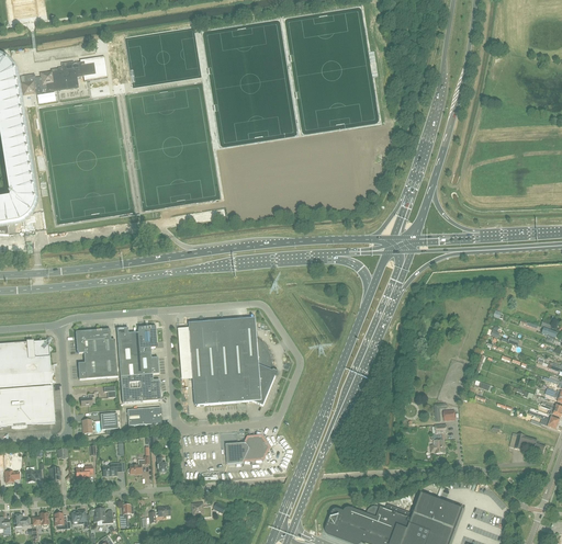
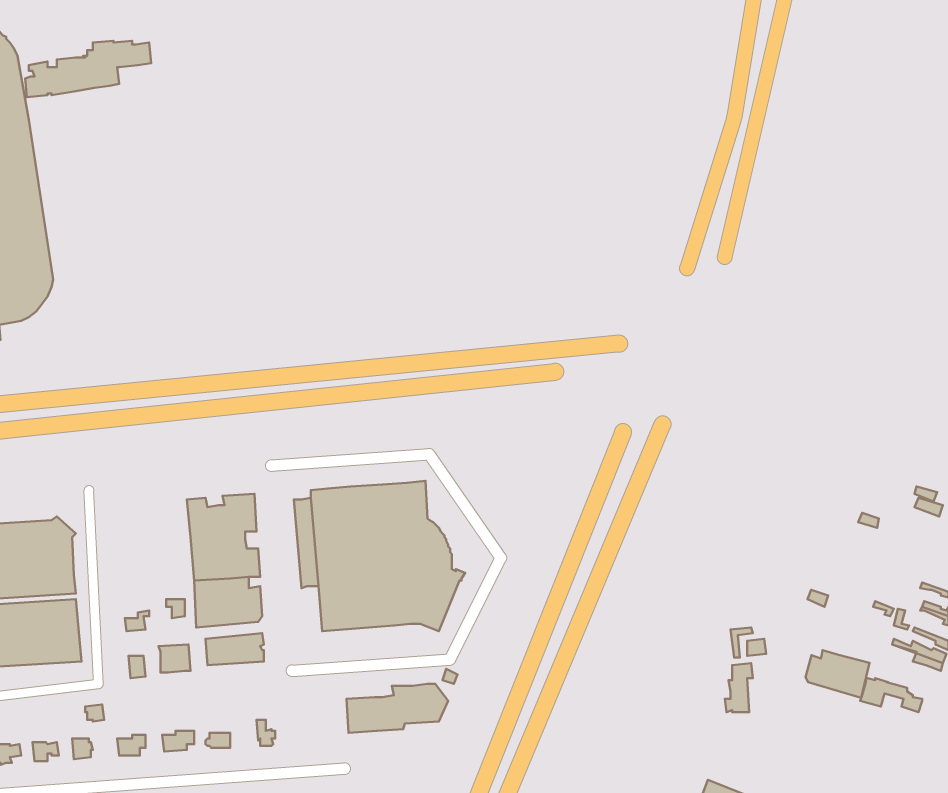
building: [75,328,116,378] -> none
building: none -> [806,650,869,698]

